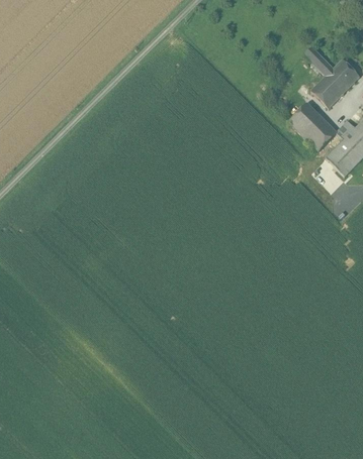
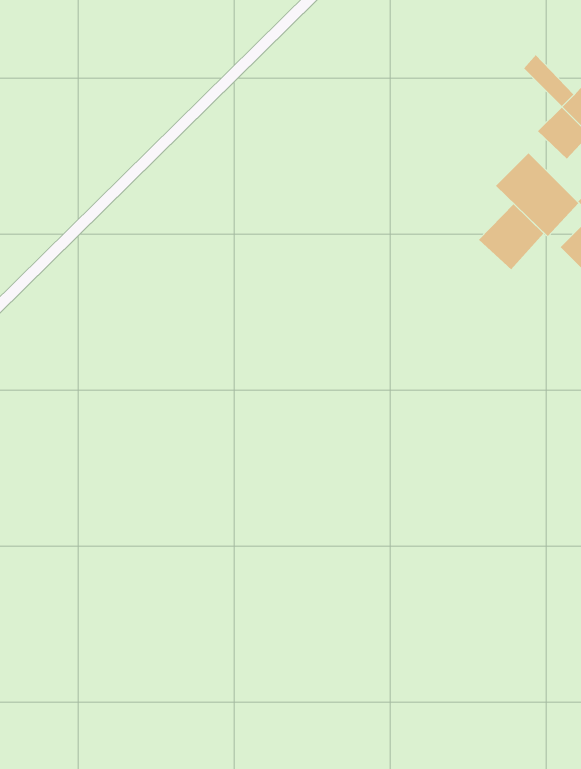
building: none -> [478,203,544,270]

